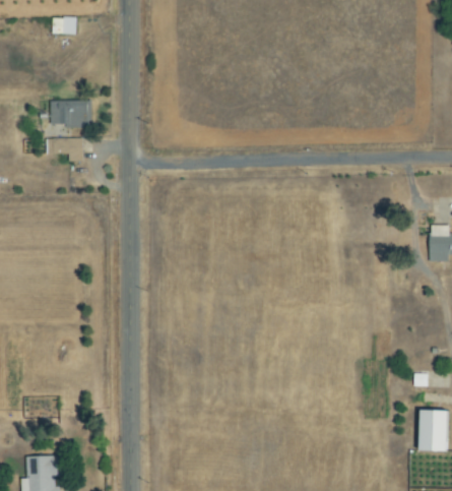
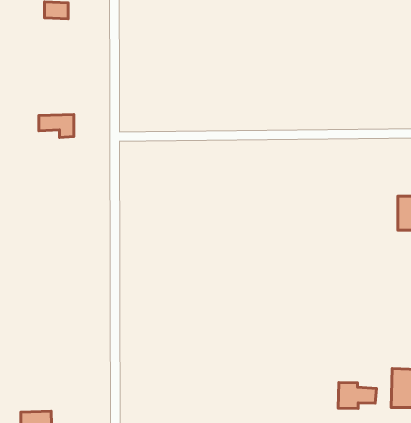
building: [49,102,87,126] -> none
building: none -> [338,382,376,409]

